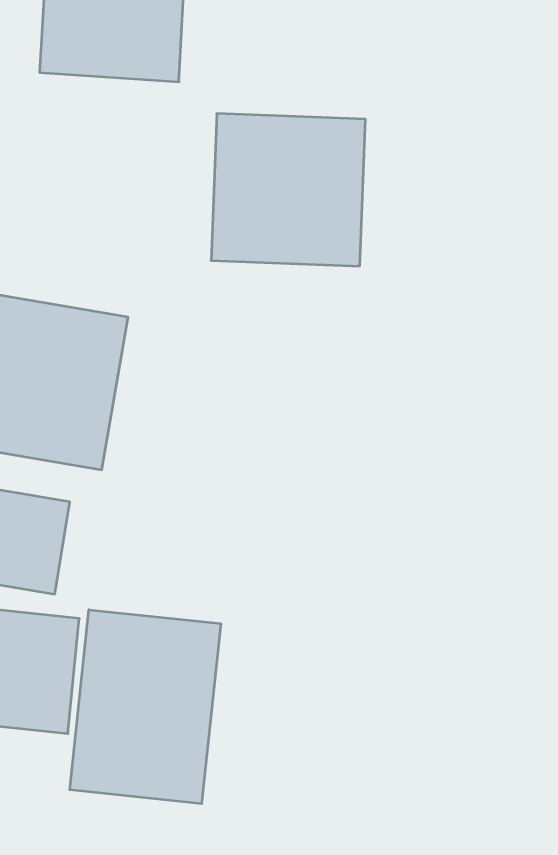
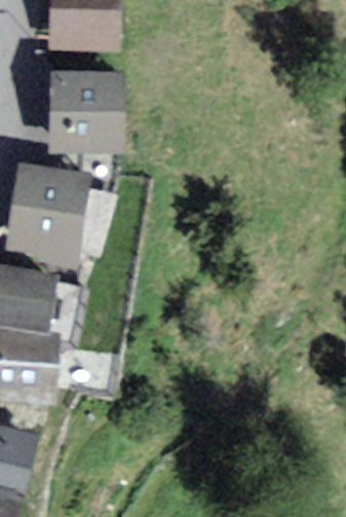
building: [211,114,365,266] -> [53,70,138,153]
building: [70,610,221,804] -> none

